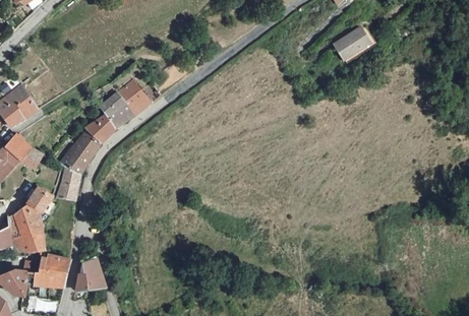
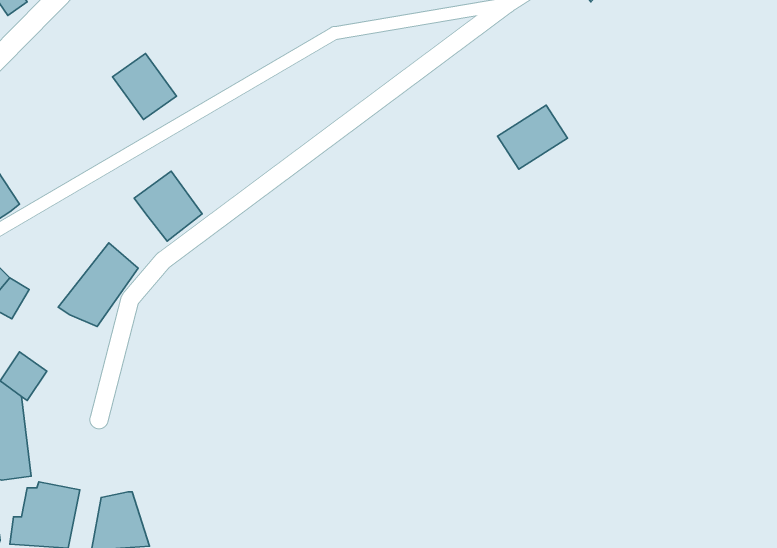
building: [337,25,373,59] -> [498,105,567,169]
building: [117,79,151,114] -> [112,54,177,120]
building: [84,114,115,142] -> none
building: [55,167,79,200] -> none

